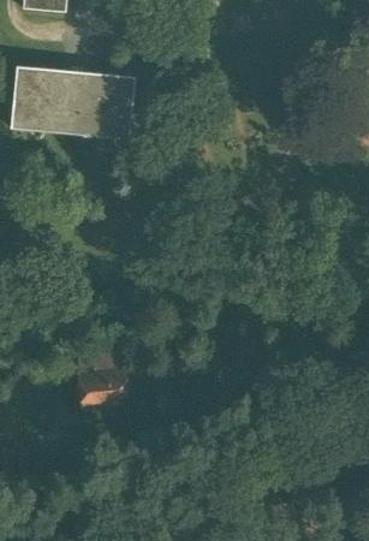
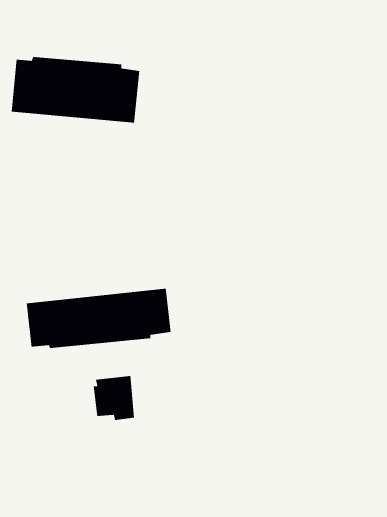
building: none -> [26,288,171,349]

